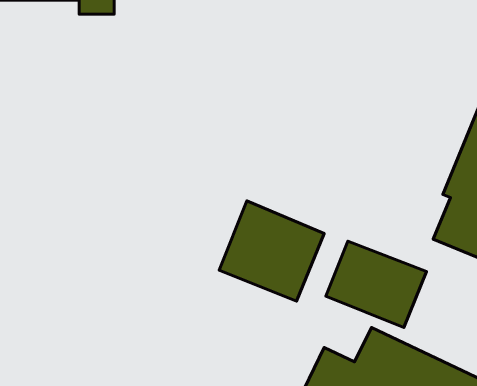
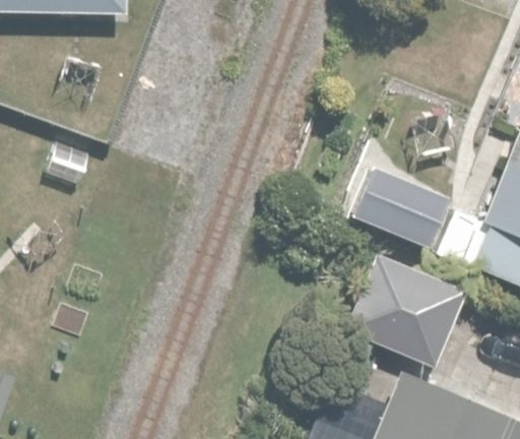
building: none -> [361,170,473,261]
building: [219,201,324,301] -> none

